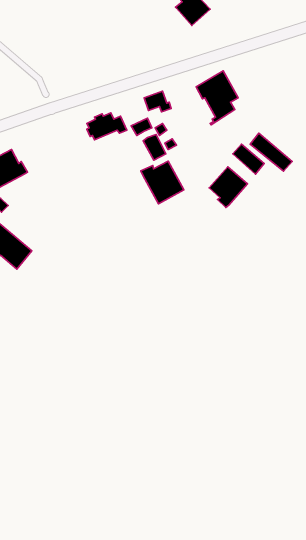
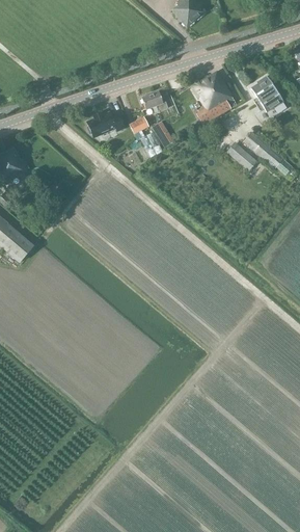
building: none -> [251,75,282,110]
building: [141,161,184,204] -> none
building: [209,167,247,208] -> none

